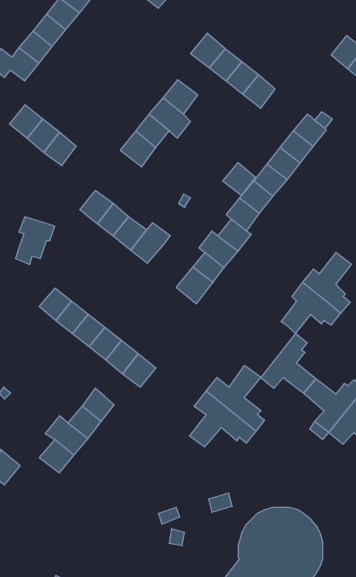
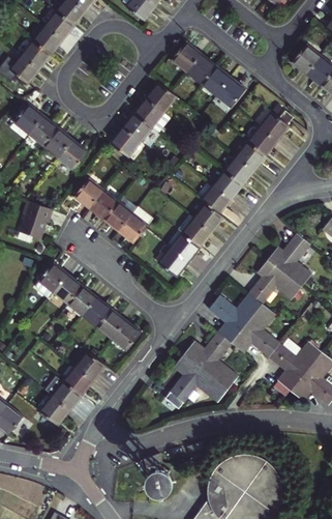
building: none -> [58,141,86,170]
building: [223,163,255,196] -> none
building: none -> [208,294,261,342]

